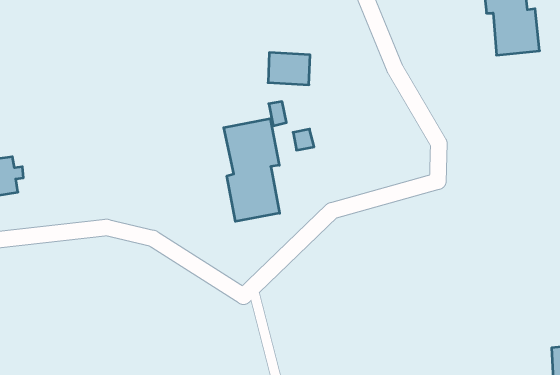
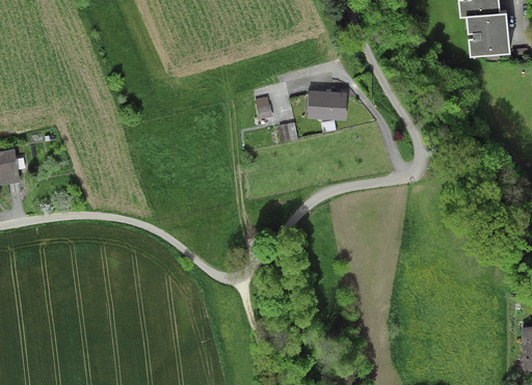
building: [268,53,310,85] -> [308,91,347,121]
building: [224,119,280,221] -> none

